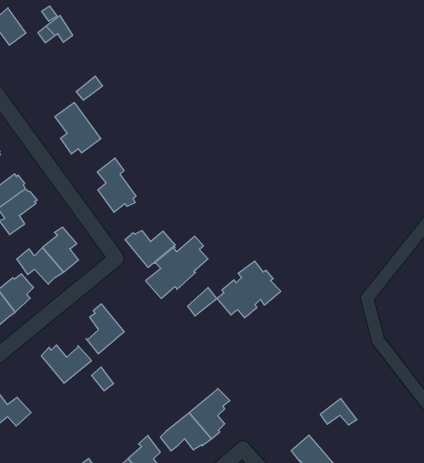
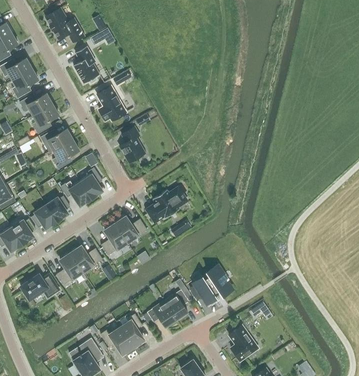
building: none -> [73,46,99,83]
building: [125,231,175,267] -> [114,217,147,242]
building: [217,261,281,318] -> [190,266,233,303]
building: none -> [56,252,83,285]

